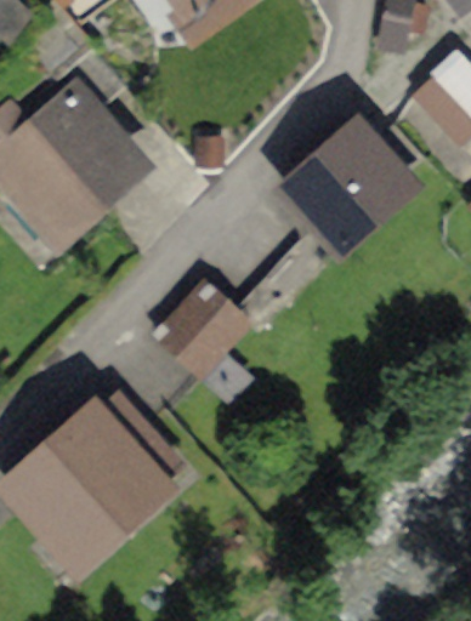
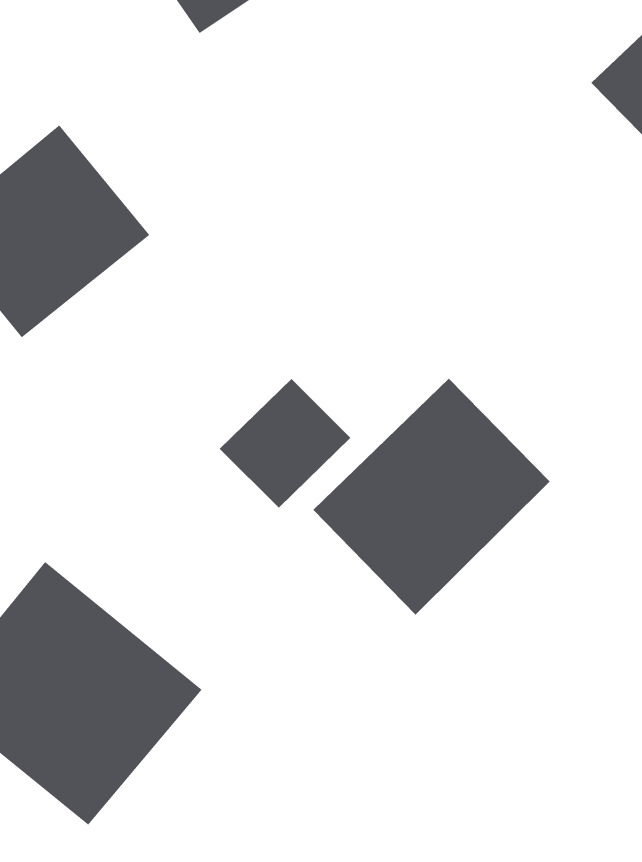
building: [295,121,419,244] -> none
building: none -> [312,378,551,615]

